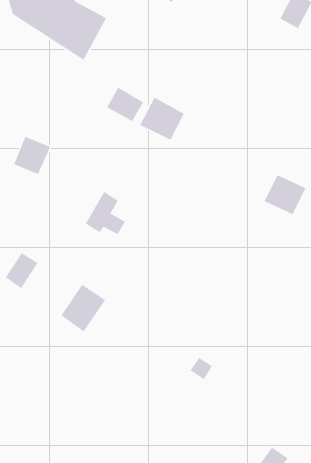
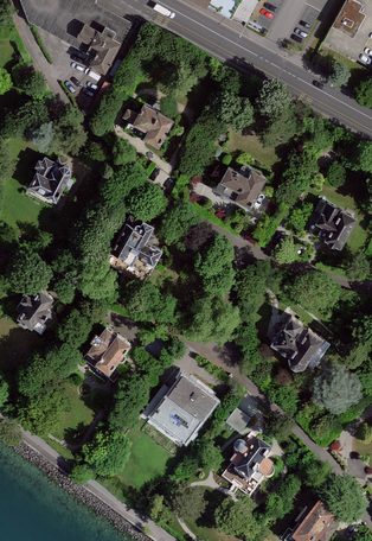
building: [139,97,185,141] -> [214,159,265,209]
building: none -> [269,312,325,365]
building: none -> [147,371,217,444]
building: none -> [232,444,271,486]

